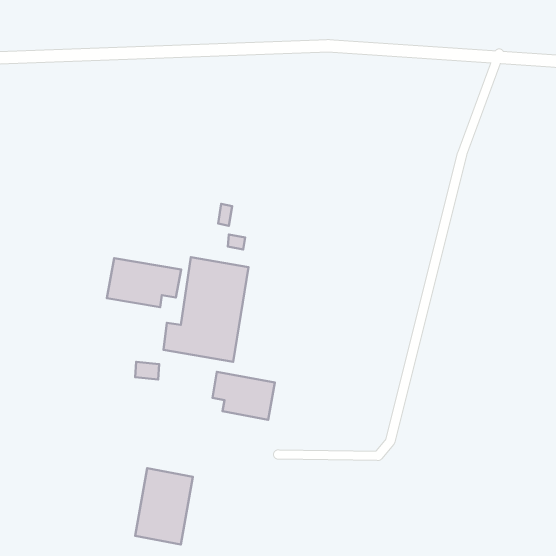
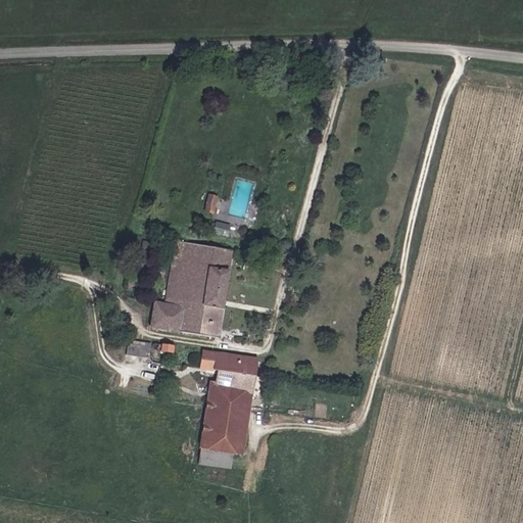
building: [107,258,181,307] -> none
building: [135,468,193,544] -> [197,385,251,457]

